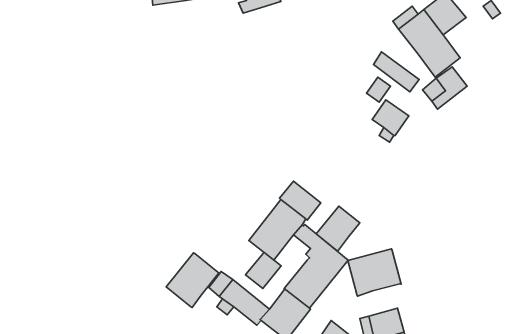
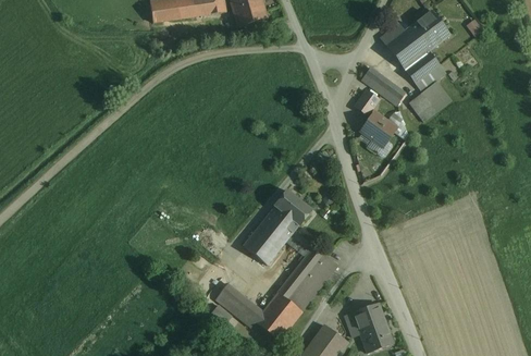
building: [316,206,360,251] -> none
building: [348,249,401,296] -> none
building: [246,252,281,289] -> none
building: [166,253,219,308] -> none

